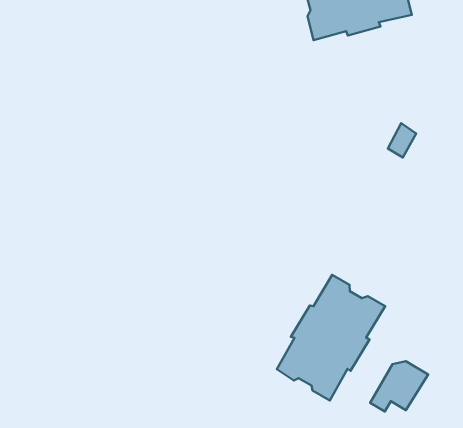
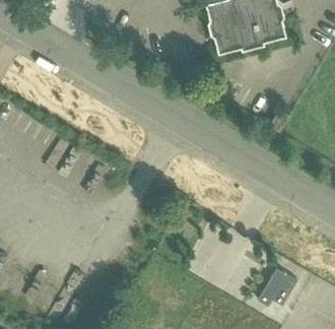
building: [277,275,385,400] -> none

